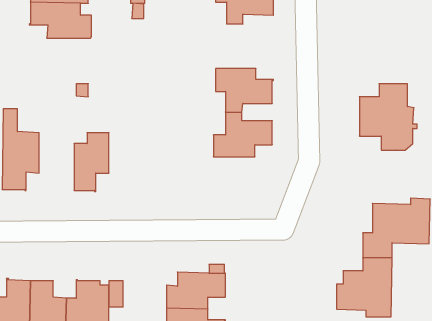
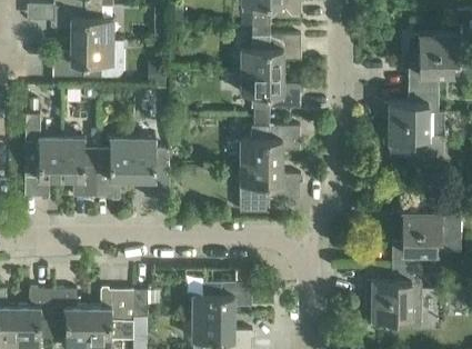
building: none -> [242,28,301,73]
building: none -> [409,34,458,89]
building: none -> [52,41,124,78]
building: none -> [62,139,98,198]
building: none -> [133,139,169,198]
building: none -> [240,163,301,212]

